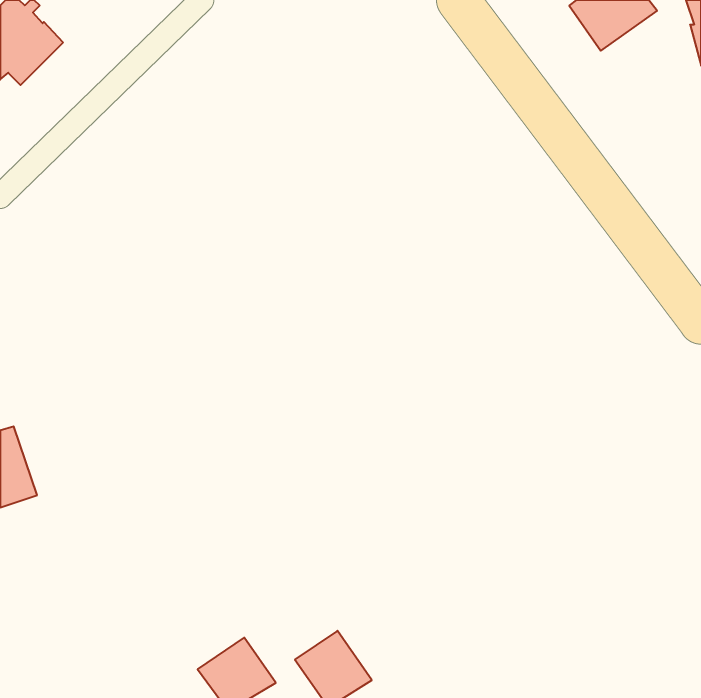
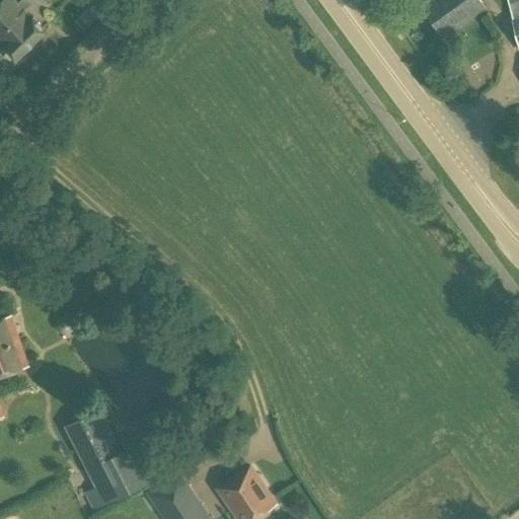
building: none -> [65,411,157,511]

